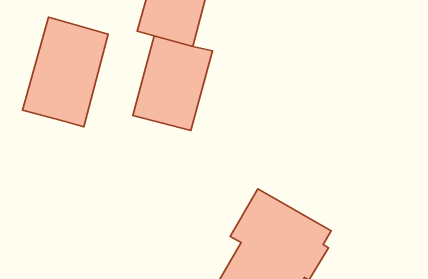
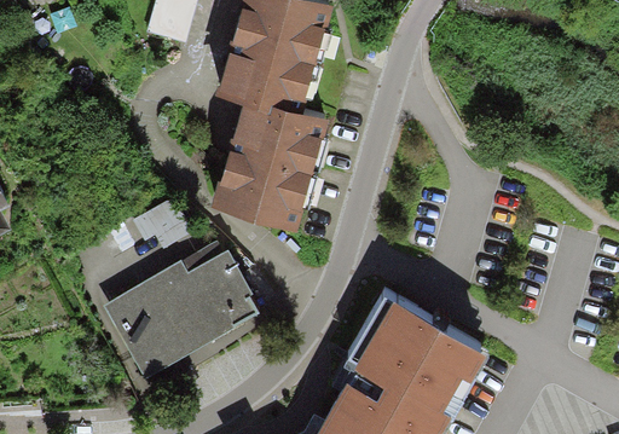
building: [22,17,108,127] -> none
building: none -> [111,254,259,366]

